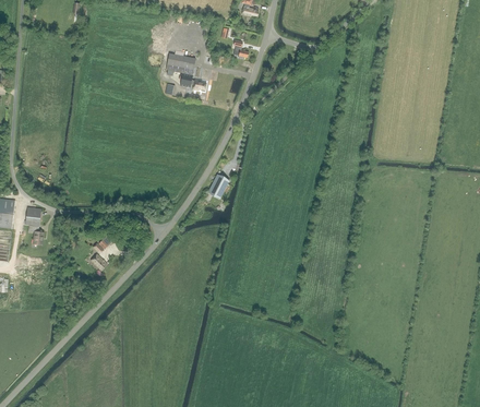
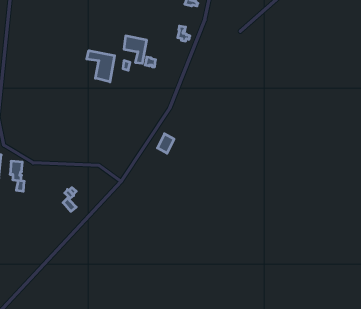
building: none -> [87,51,115,82]

